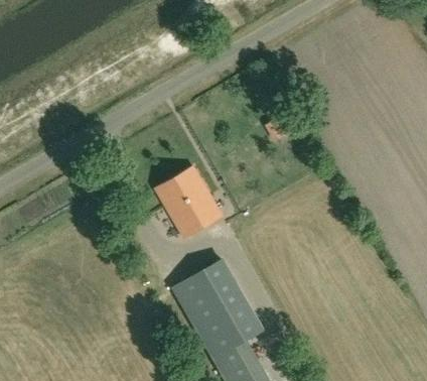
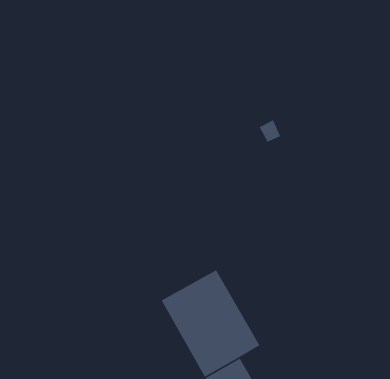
building: [155,167,223,239] -> none

